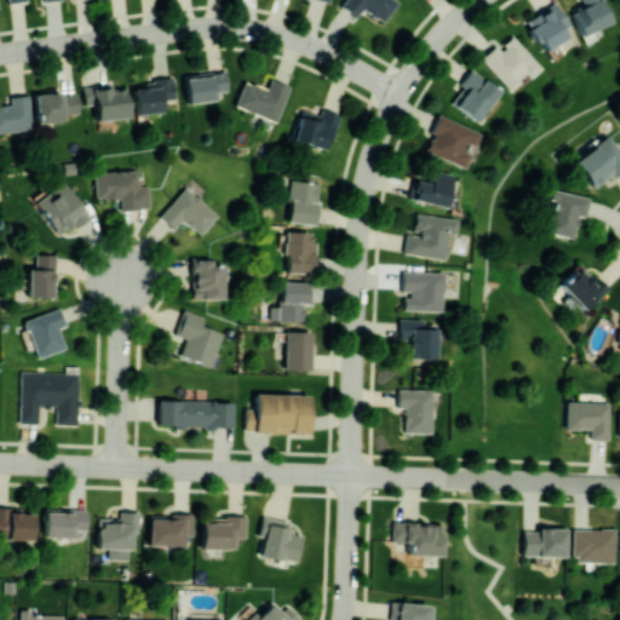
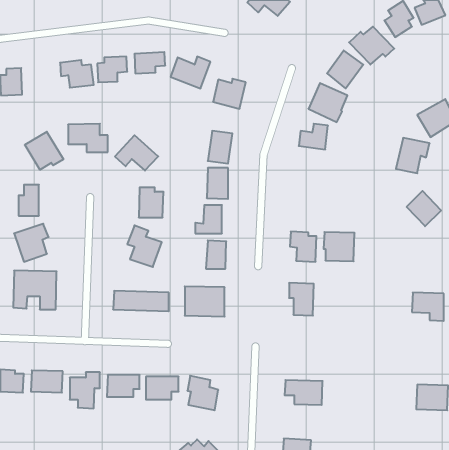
building: [36,93,82,124] -> none
building: [403,214,459,262] -> none
building: [403,272,446,312] -> [324,232,355,261]
building: [523,529,568,558] -> none

